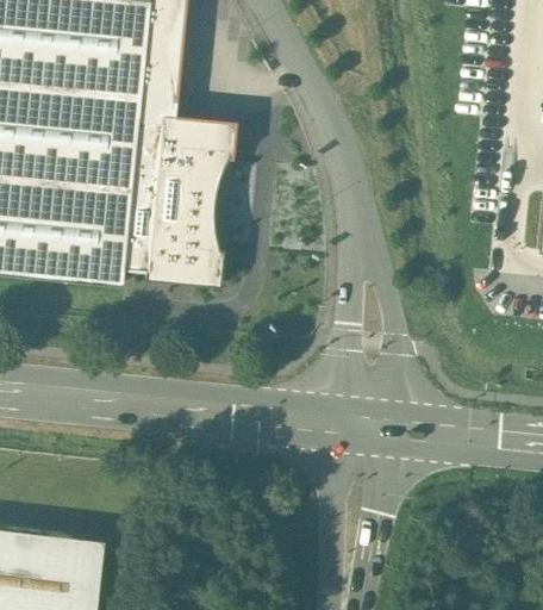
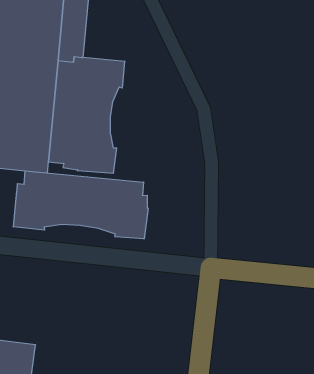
building: none -> [13,171,148,239]

